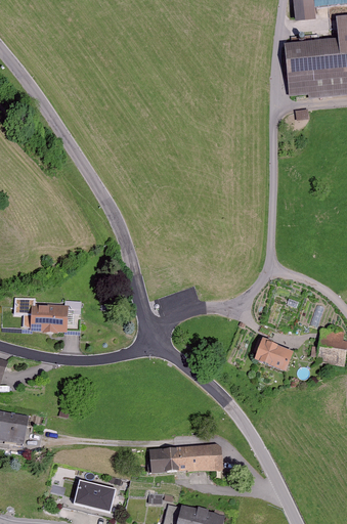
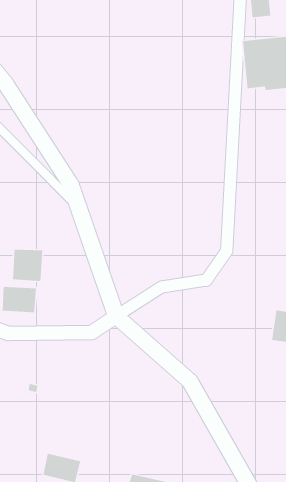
building: none -> [12,249,43,282]
building: [253,339,295,373] -> none
building: [149,443,223,475] -> none

